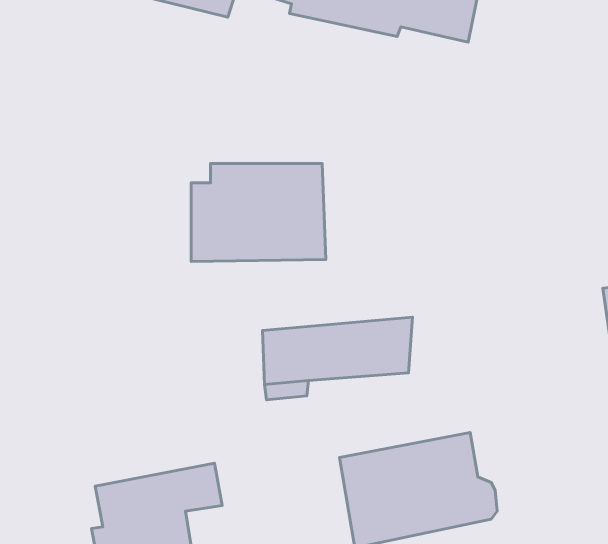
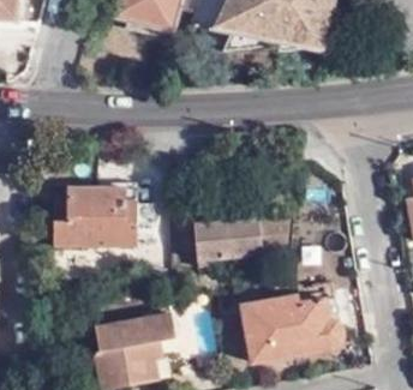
building: [191,164,326,262] -> [54,187,138,248]

